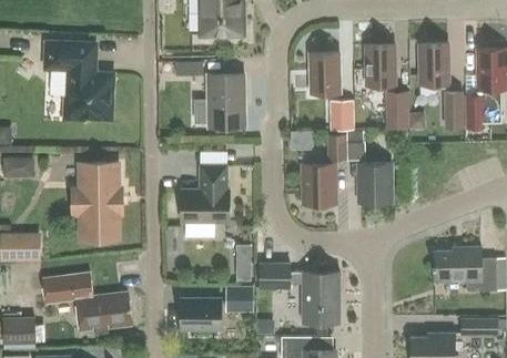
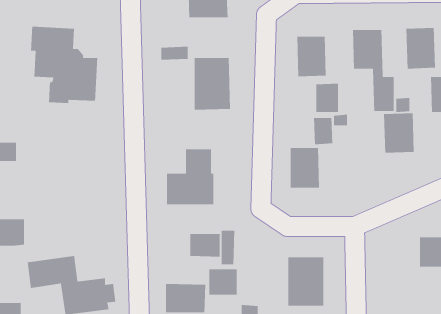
building: [72,162,122,239] -> none
building: [359,163,391,204] -> [383,112,414,154]
building: [258,263,290,287] -> [189,233,221,258]

